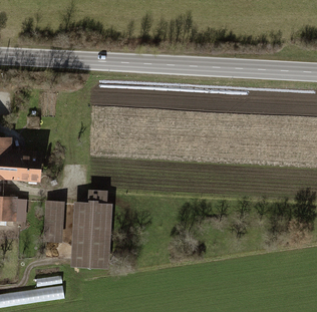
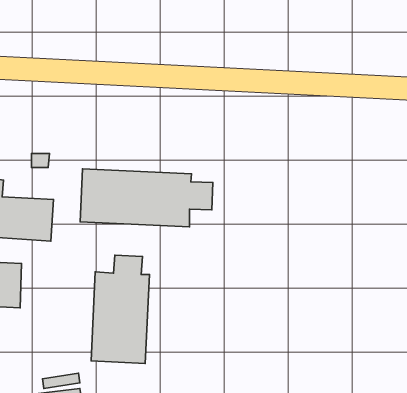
building: none -> [80,169,213,227]
building: [42,200,63,243] -> none

